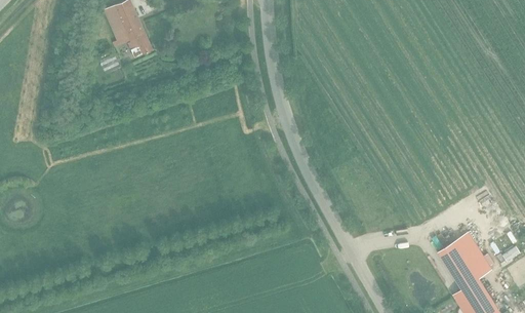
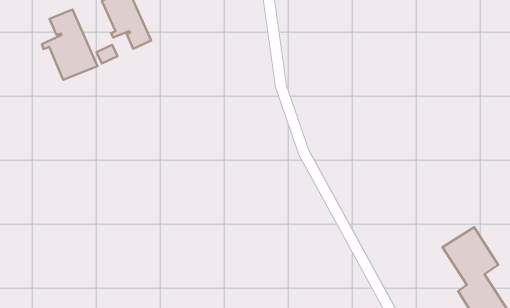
building: none -> [42,9,97,80]

